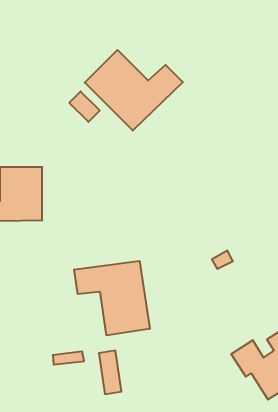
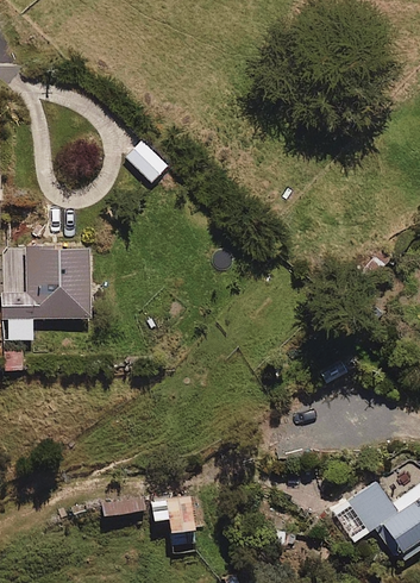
building: [85,50,183,131] -> none
building: [74,261,150,335] -> none

